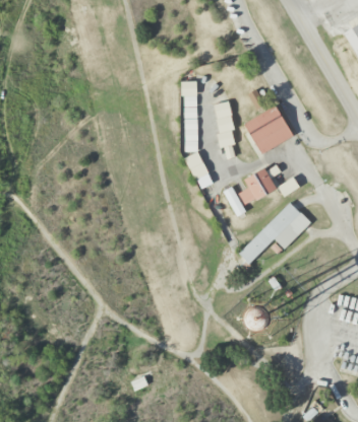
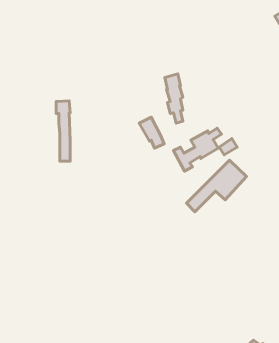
building: [181,81,197,152] -> [56,101,70,161]
building: [244,106,293,154] -> none

